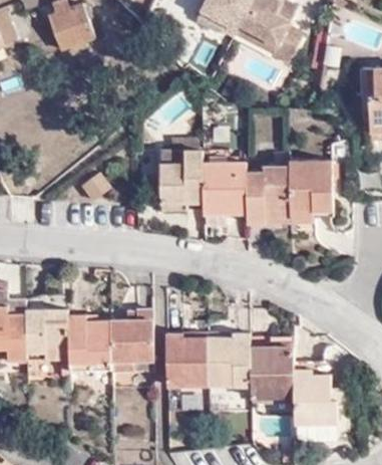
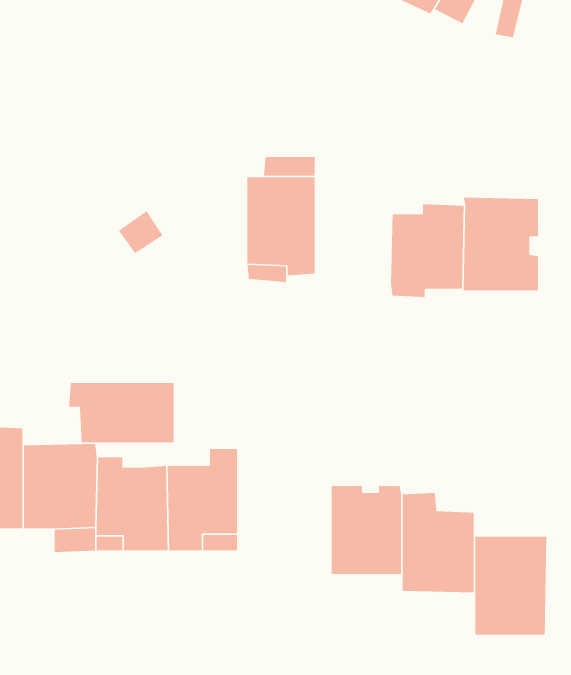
building: [200,163,245,216] -> none
building: none -> [68,382,175,443]
building: [167,335,209,389] -> none

